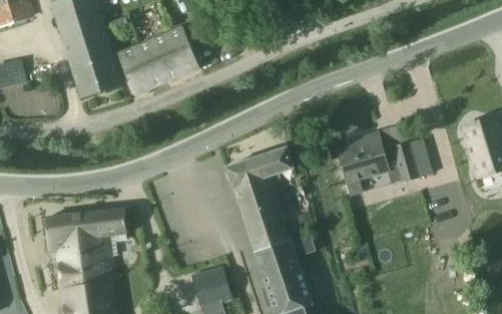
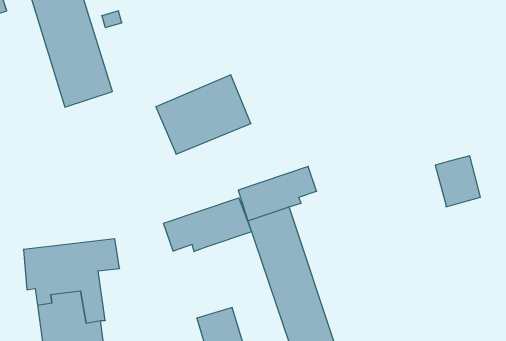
building: [117,27,197,94] -> [156,75,251,154]
building: [337,132,402,183] -> none
building: none -> [164,198,251,252]

